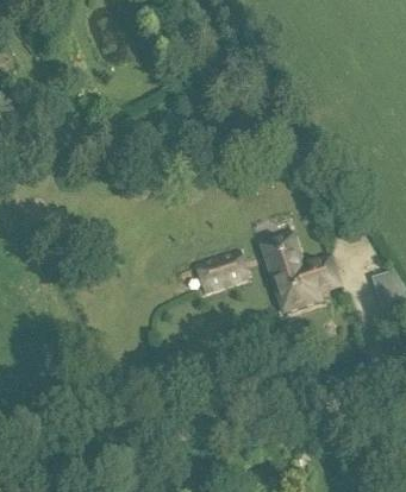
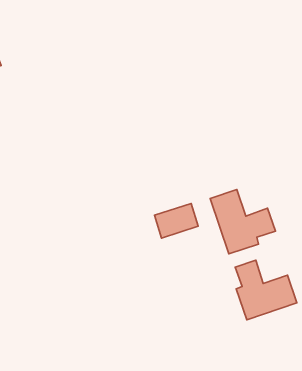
building: none -> [235,260,297,320]

